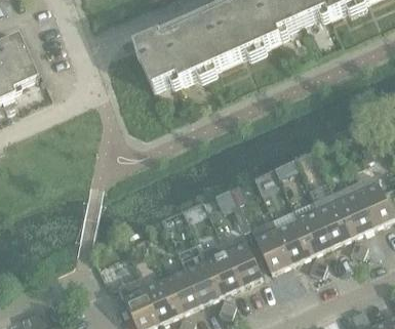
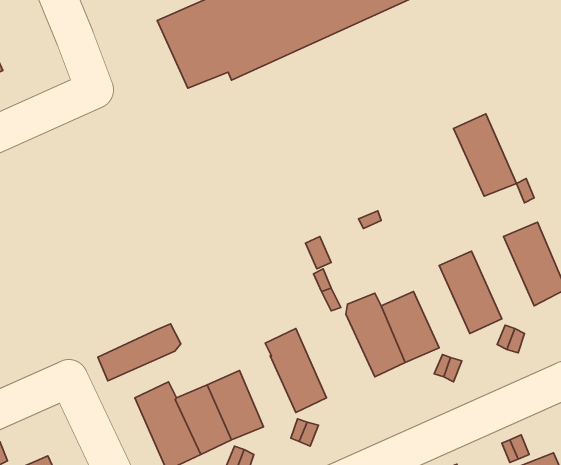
building: [334,182,374,235] -> [454,114,516,196]
building: [294,201,333,253] -> none
building: [223,232,264,285] -> none
building: none -> [98,324,181,381]
building: [187,258,223,303] -> none

